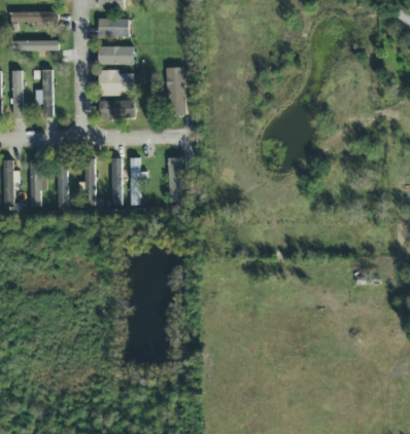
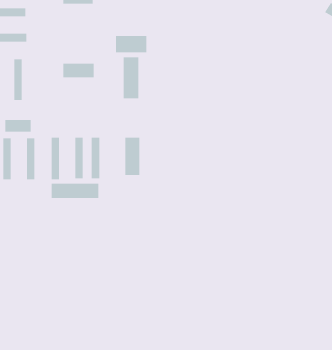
building: [99,17,130,36] -> none
building: [99,45,135,65] -> [115,36,147,53]
building: [99,100,135,118] -> none
building: none -> [5,119,31,133]
building: none -> [51,183,99,199]

